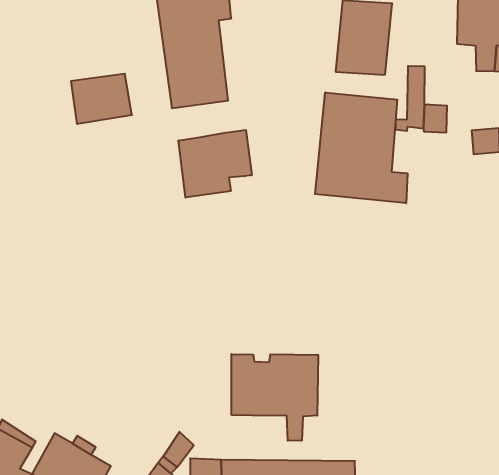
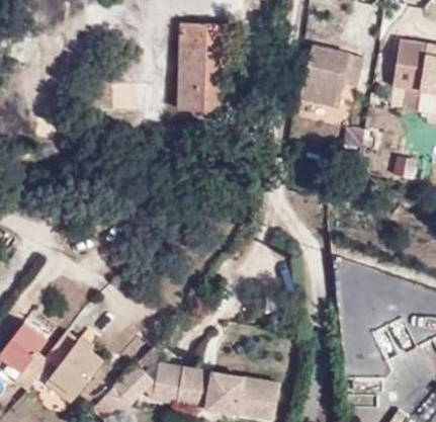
building: [315,92,407,203] -> none
building: [178,130,252,198] -> none
building: [231,354,318,441] -> none

